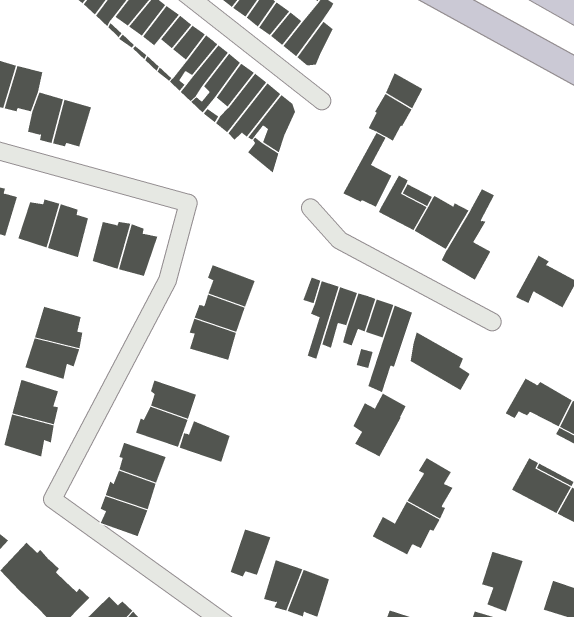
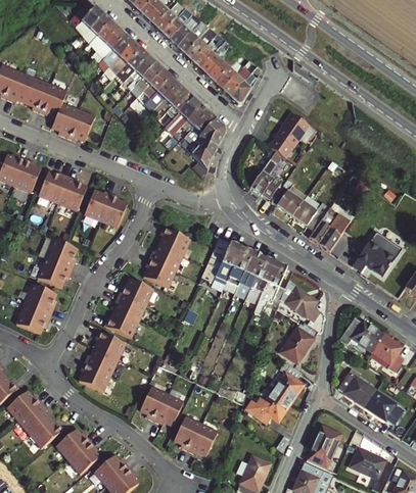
building: [352,393,406,457] -> [282,322,318,362]
building: [179,421,230,462] -> [118,278,151,306]
building: none -> [139,387,166,422]

